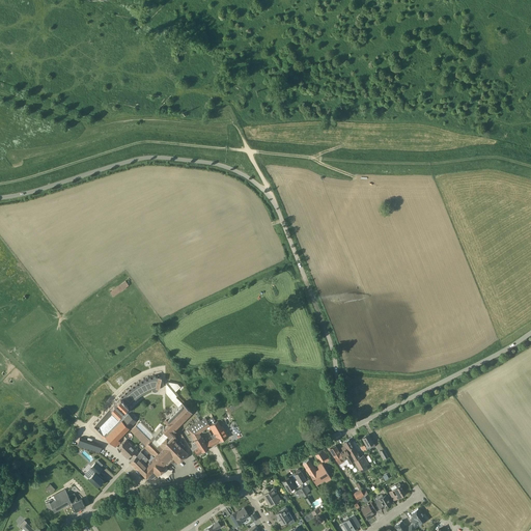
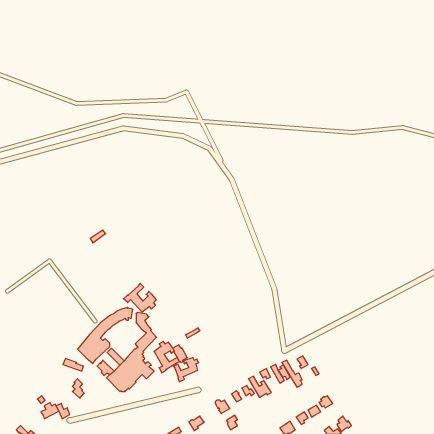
building: none -> [123,283,156,312]
building: none -> [174,357,198,382]

